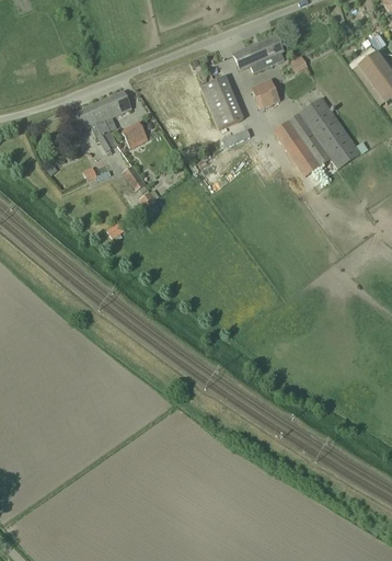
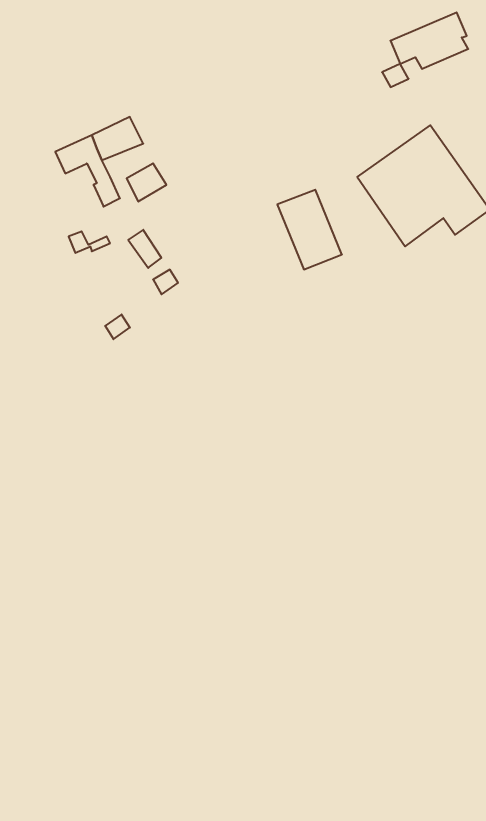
building: [232,35,284,72] -> [390,12,468,69]
building: [200,76,243,128] -> [277,190,342,269]
building: [251,80,278,108] -> none

